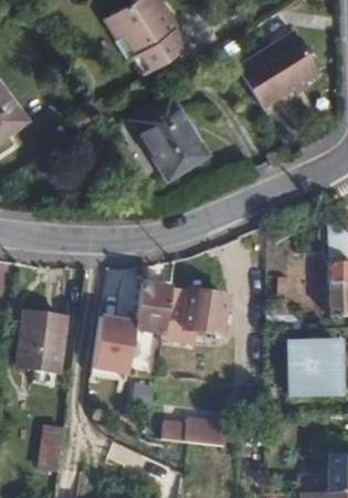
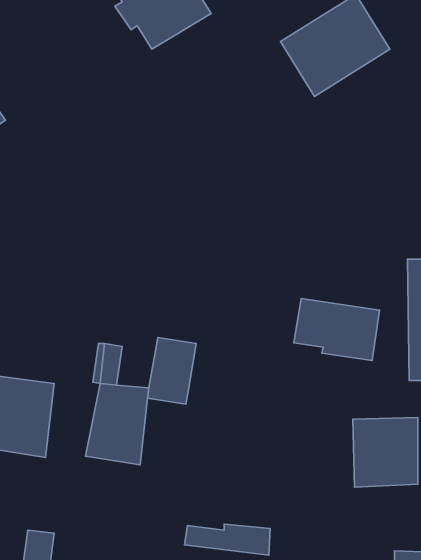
building: [133,93,209,177] -> none
building: [166,288,230,335] -> [294,298,379,361]

